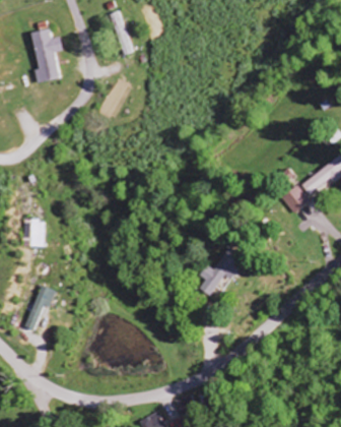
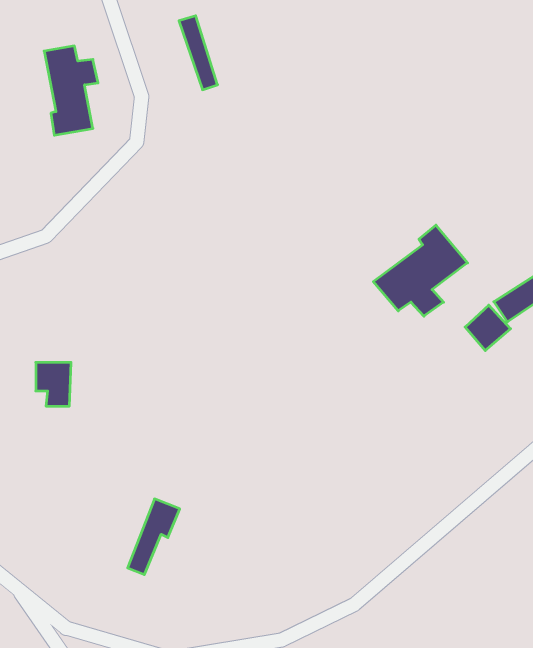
building: none -> [373,225,468,316]
building: [199,248,240,295] -> none
building: [25,285,57,330] -> [128,499,180,575]

